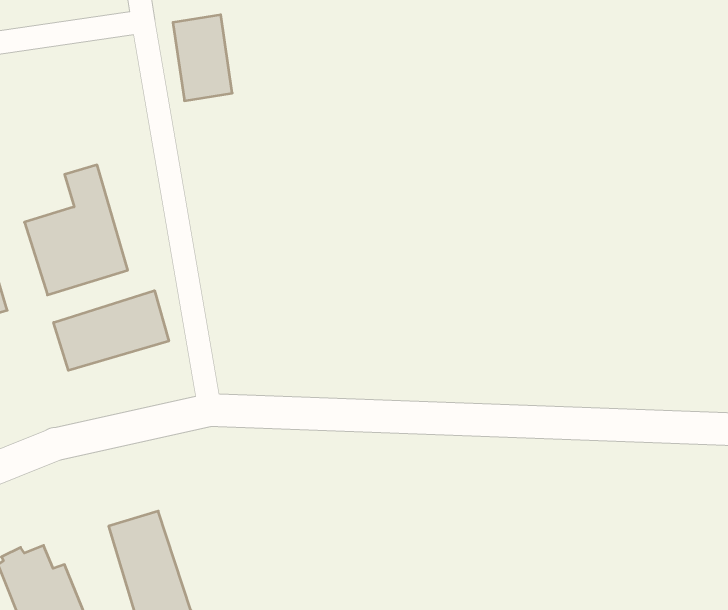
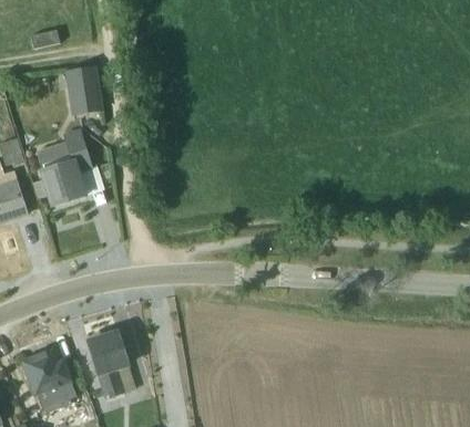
building: [173,15,232,101] -> [67,65,101,115]
building: [54,291,169,370] -> none

